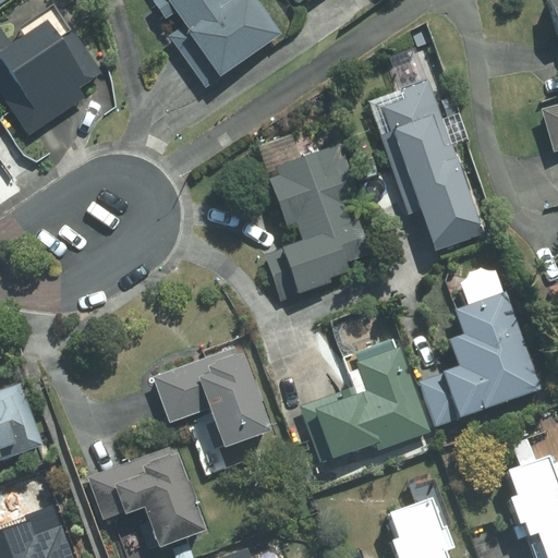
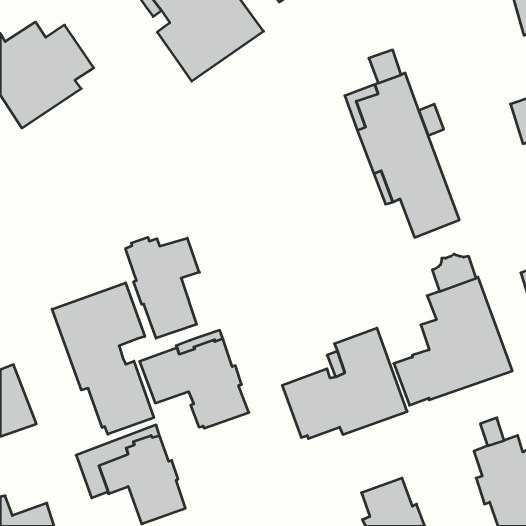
building: [266,146,371,300] -> none
building: none -> [126,237,200,338]
building: none -> [52,283,154,434]

